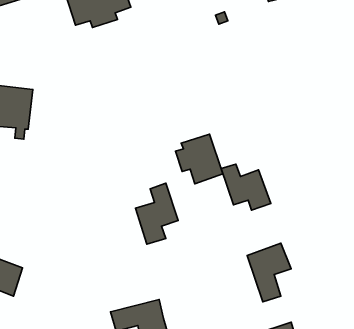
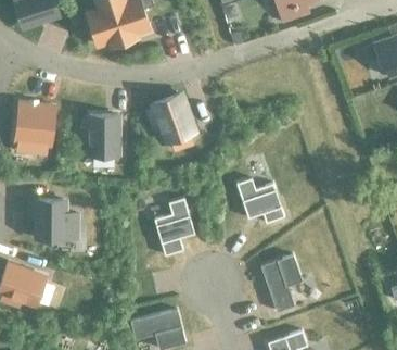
building: none -> [81,115,117,155]
building: [176,134,223,184] -> [148,95,193,142]
building: none -> [37,200,77,240]

